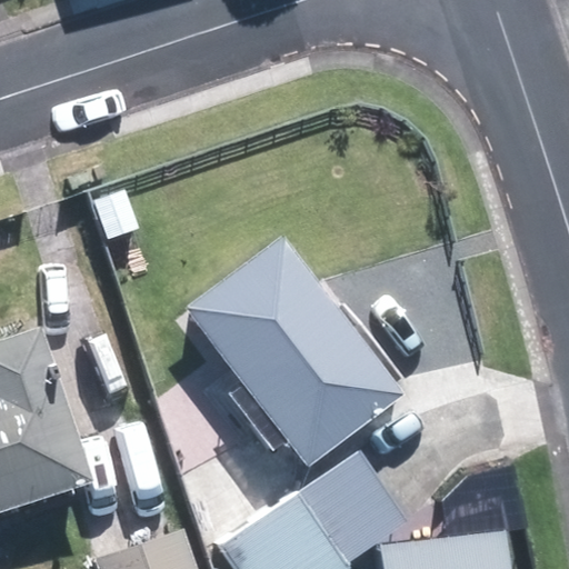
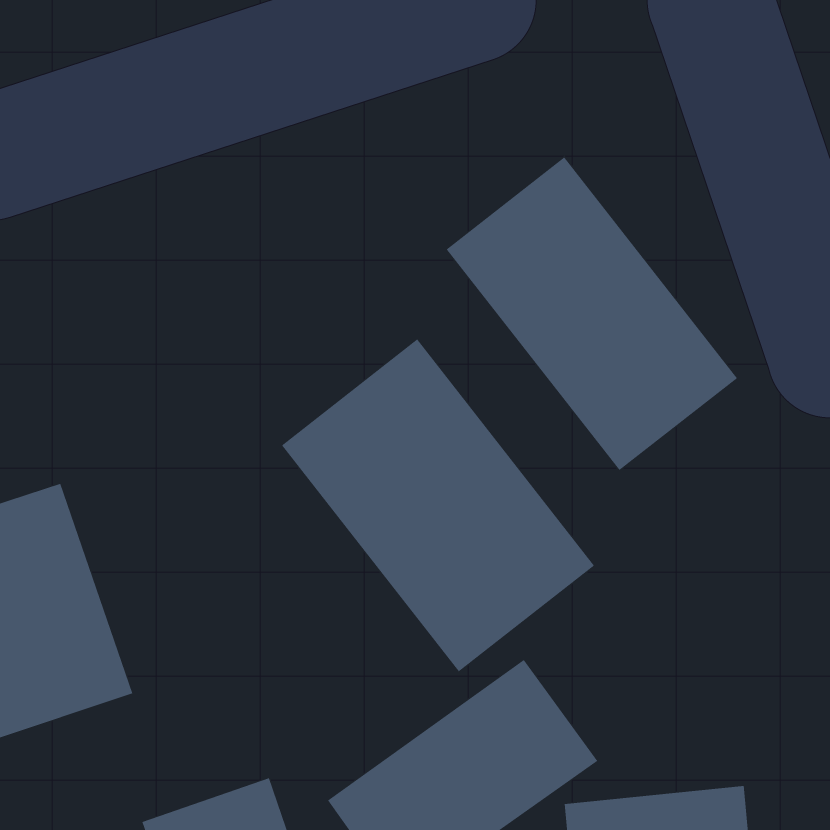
building: none -> [446,156,738,471]

